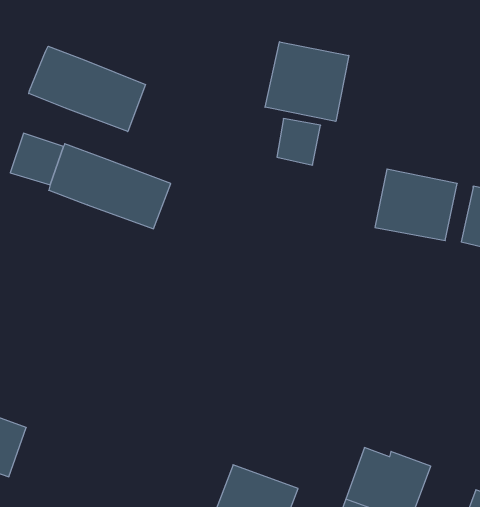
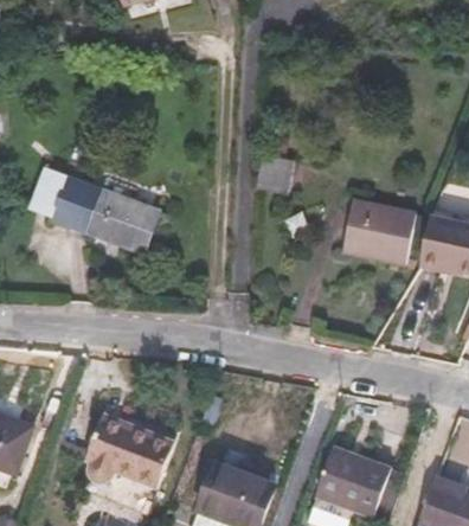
building: [265,42,349,121] -> none
building: [29,46,145,132] -> none
building: none -> [86,417,173,486]

